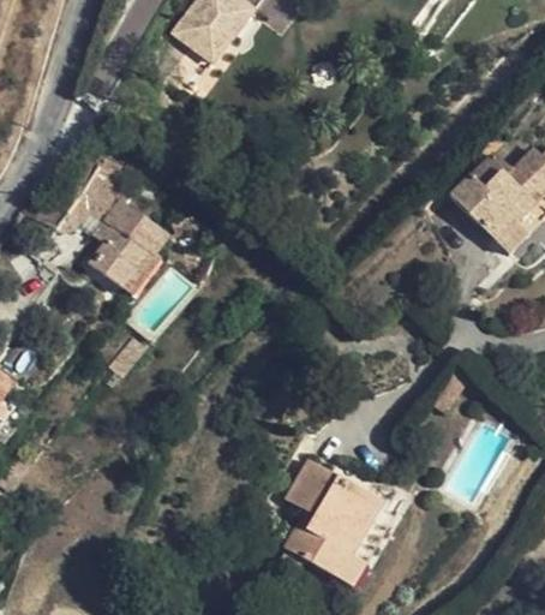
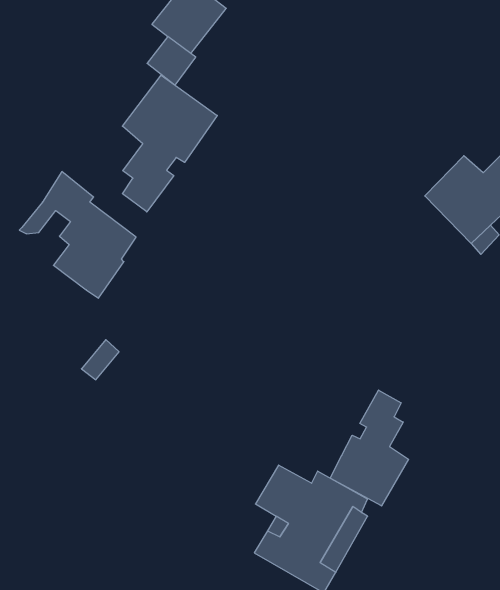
building: none -> [122,75,217,212]
building: none -> [330,390,409,506]

